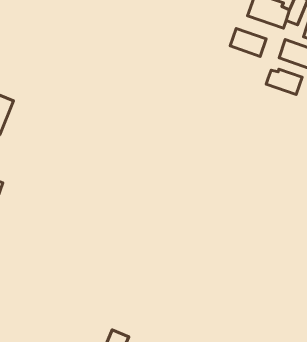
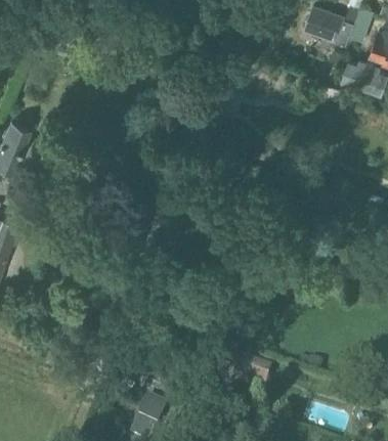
building: [230,28,266,56] -> none
building: [266,69,302,95] -> none

